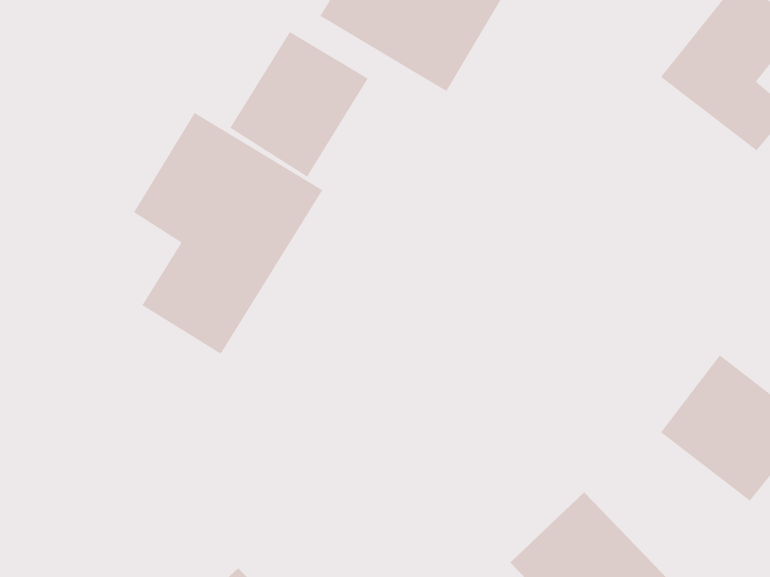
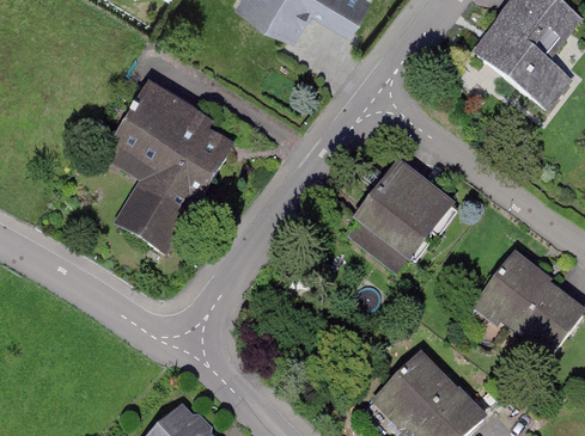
building: [230,31,369,177] -> none
building: none -> [352,156,458,262]

